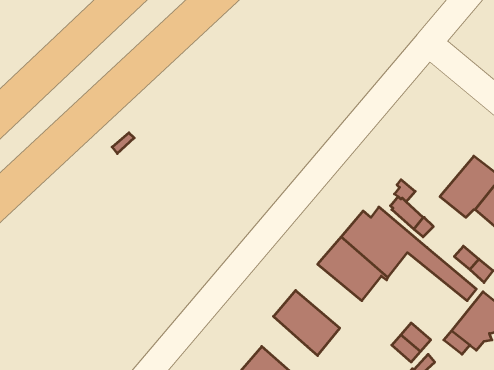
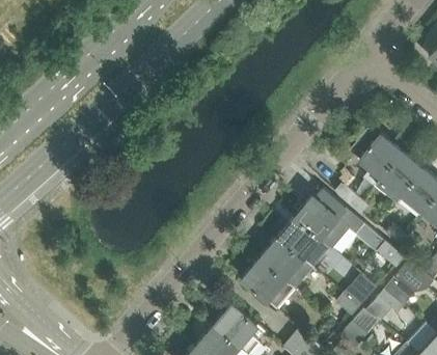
building: none -> [349,128,401,186]
building: none -> [258,238,311,289]

